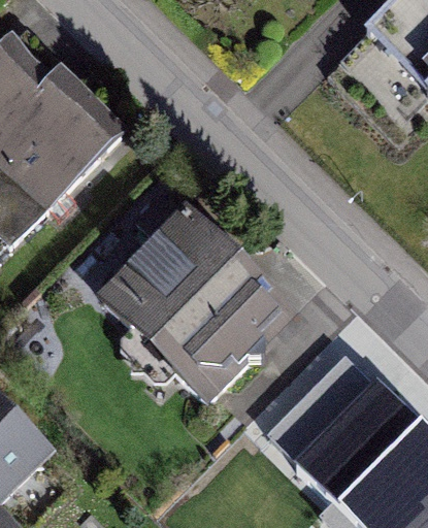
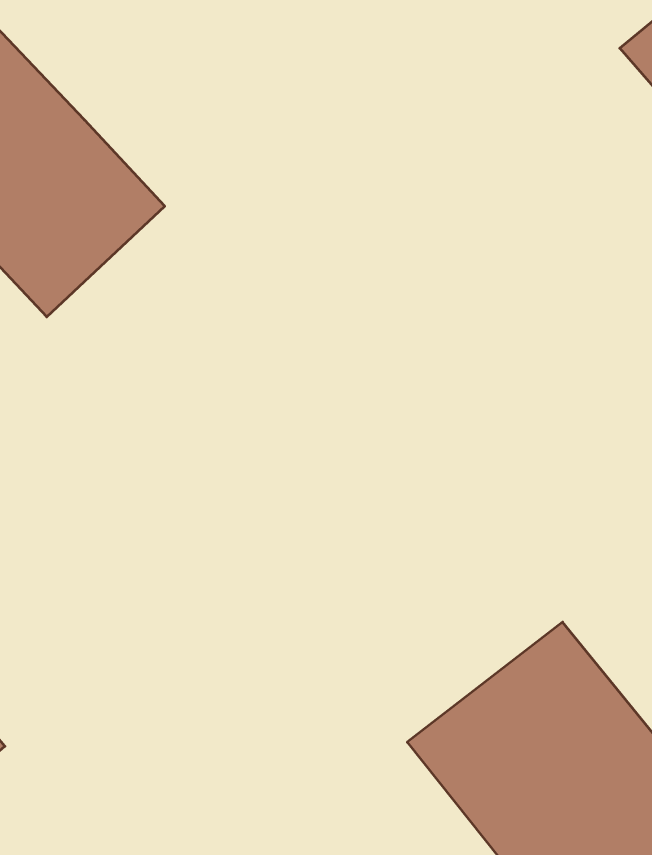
building: [117,222,282,385] -> none

